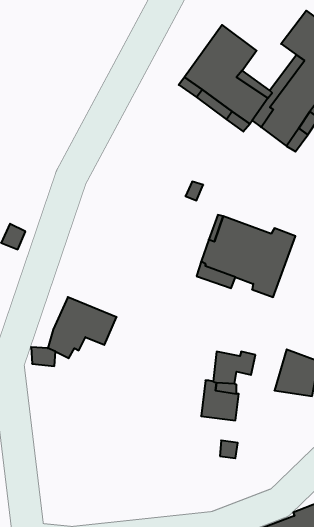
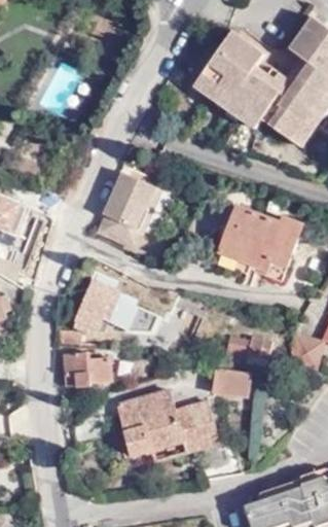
building: none -> [100,171,165,247]
building: none -> [64,352,109,387]
building: none -> [118,389,219,454]

